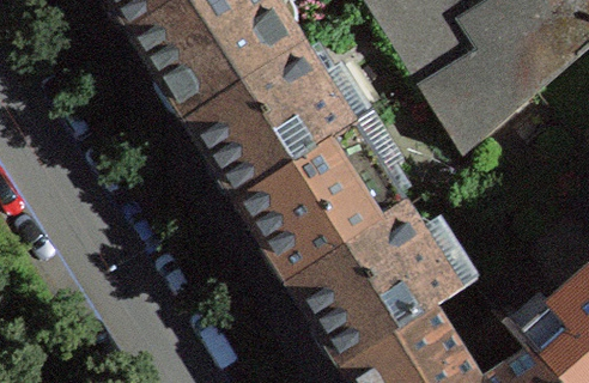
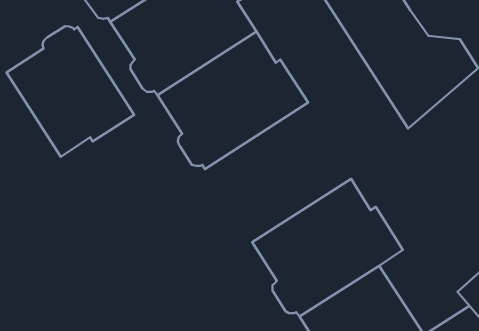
building: none -> [6,26,134,157]
building: [241,122,403,278] -> none

